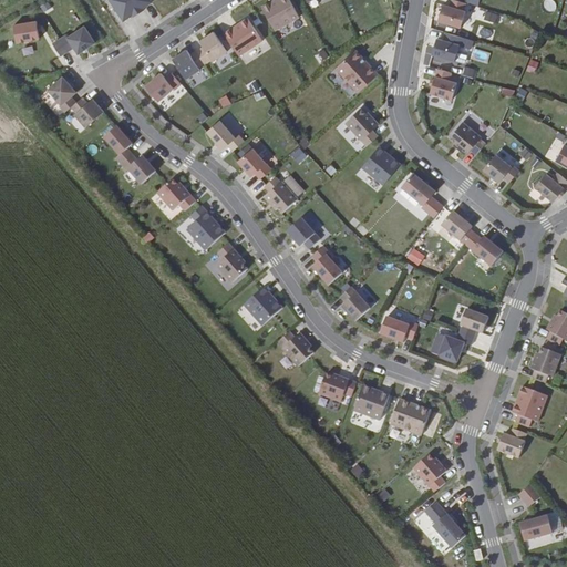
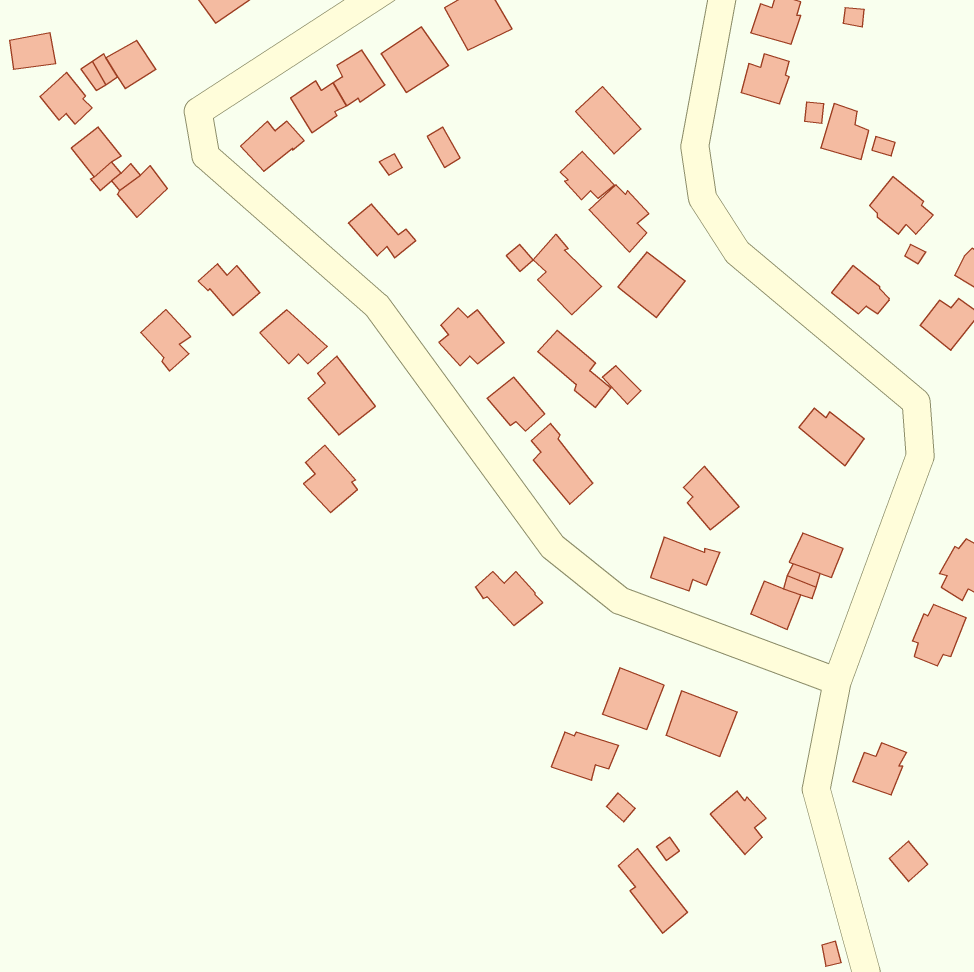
building: none -> [40,72,92,124]
building: [430,66,457,99] -> [821,104,869,159]
building: none -> [560,151,615,200]
building: [450,121,486,154] -> [870,177,933,234]
building: [103,126,132,162] -> [141,310,191,371]
building: none -> [533,234,602,315]
building: [237,146,270,177] -> none
building: [401,172,443,216] -> [538,330,611,407]
building: [439,210,474,246] -> none
building: [216,240,247,279] -> [304,445,357,513]
building: [339,284,371,320] -> [683,466,739,530]
building: [245,285,284,322] -> none
building: [317,374,355,402] -> [551,732,619,780]
building: [512,386,547,427] -> none
building: [425,497,465,546] -> [618,849,688,933]
building: [518,516,551,540] -> none

